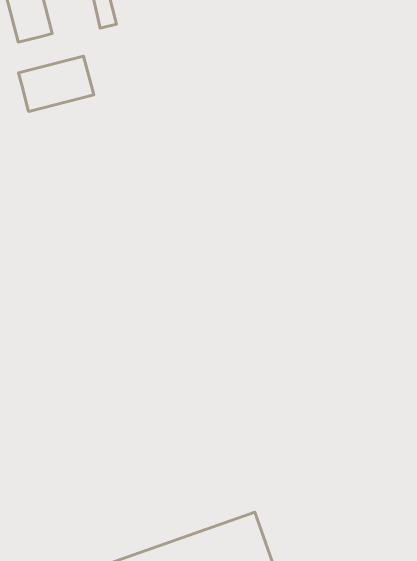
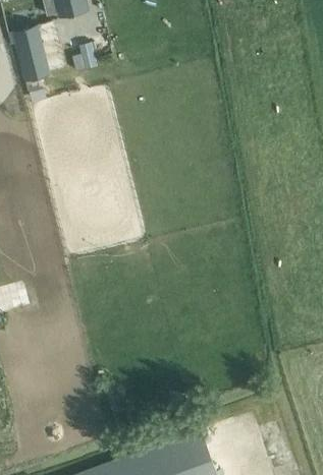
building: [19,56,94,111] -> none

